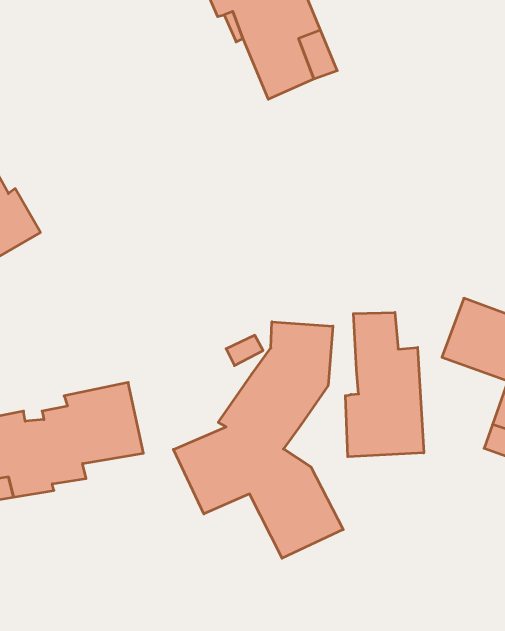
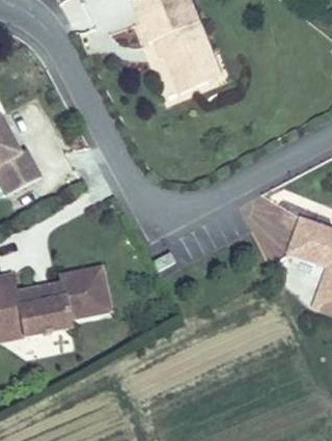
building: [345,312,424,457] -> none
building: [173,322,343,558] -> none

